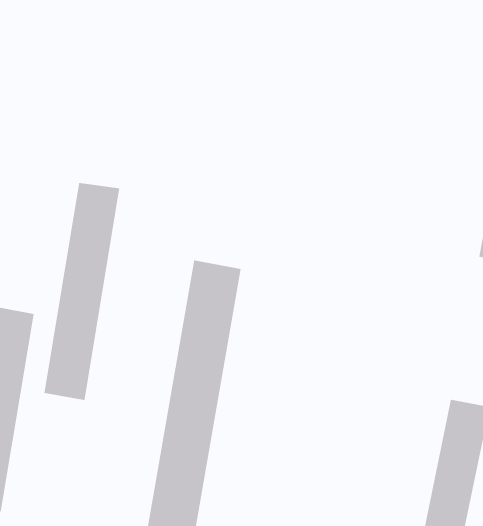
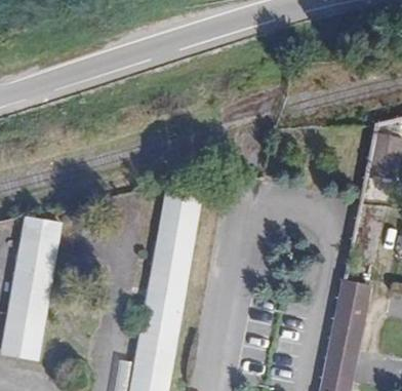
building: [44,182,120,401] -> none

